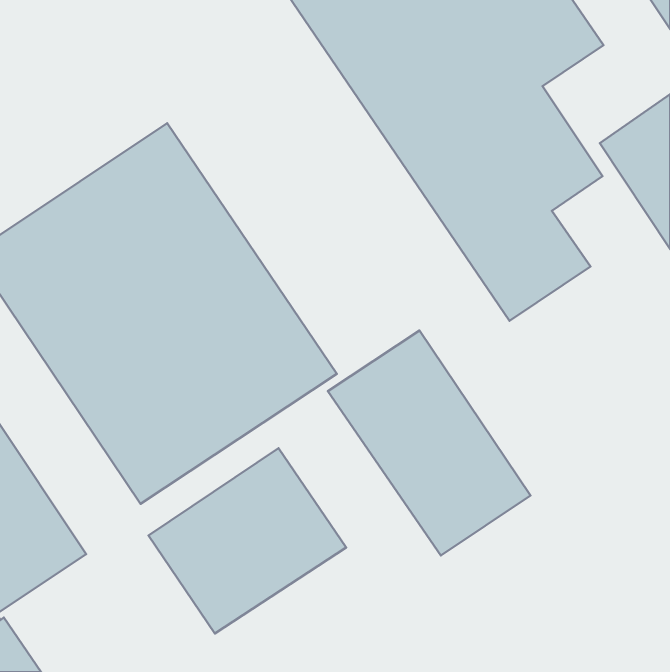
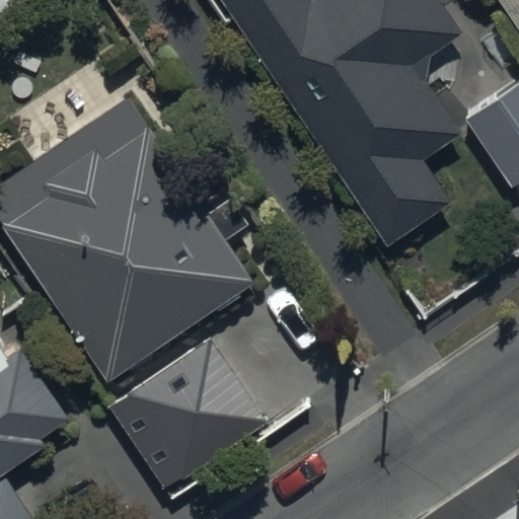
building: [328,330,531,556] -> none

